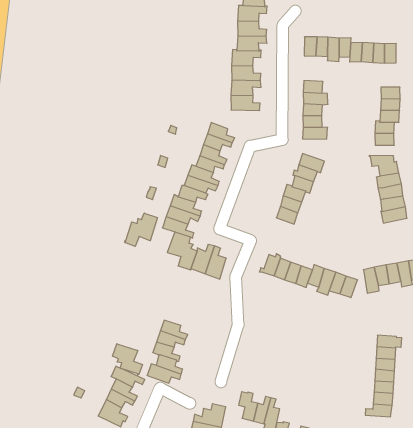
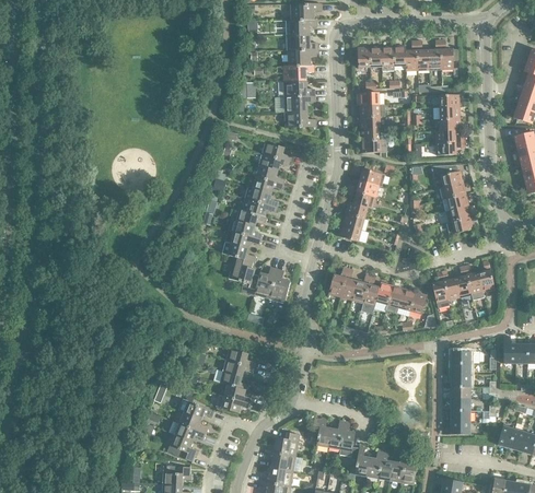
building: [125,213,158,246] -> none
building: [113,344,142,375] -> none

